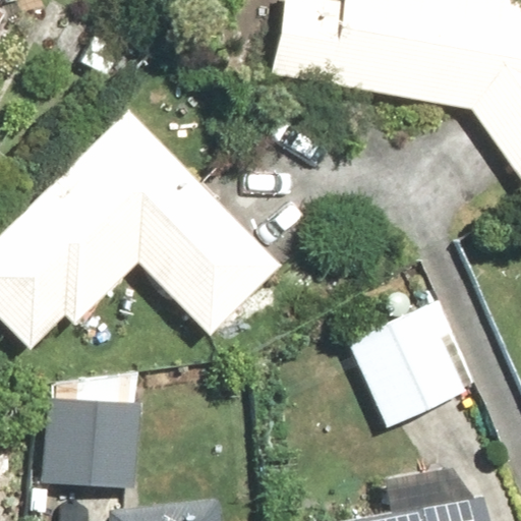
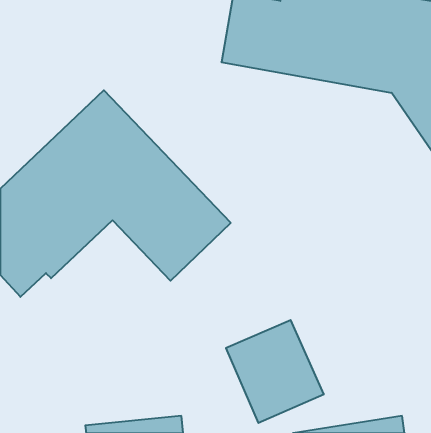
building: [349,293,466,416] -> [226,320,324,423]
building: [44,401,136,487] -> none

